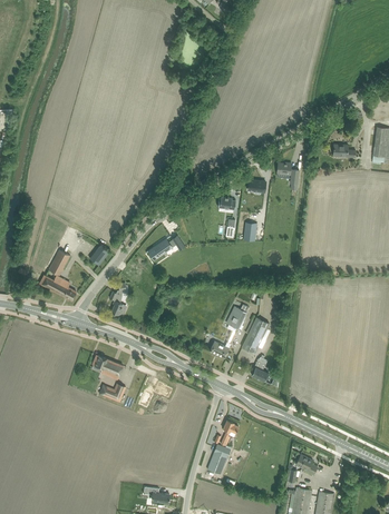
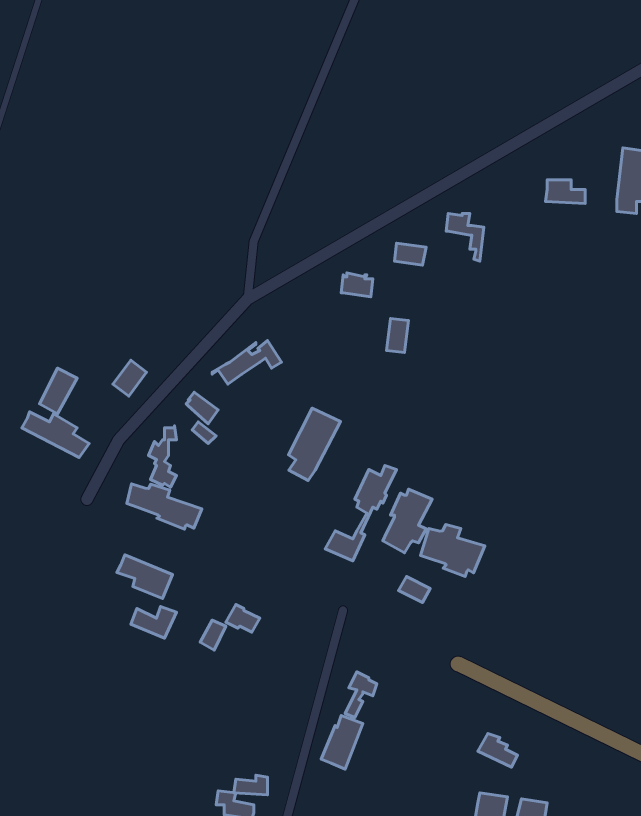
building: none -> [288,408,340,481]
building: none -> [127,484,202,529]
building: none -> [420,525,485,576]

